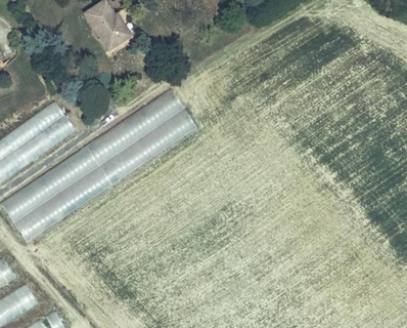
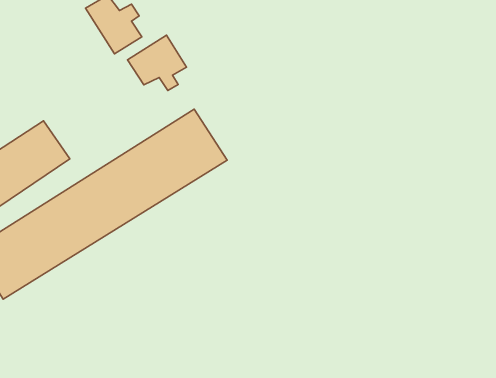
building: none -> [127,35,187,91]

